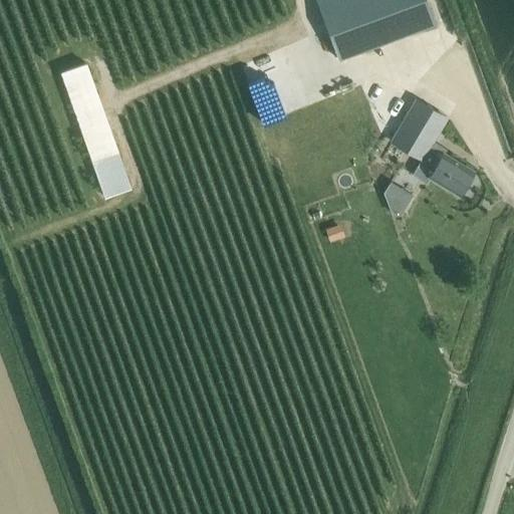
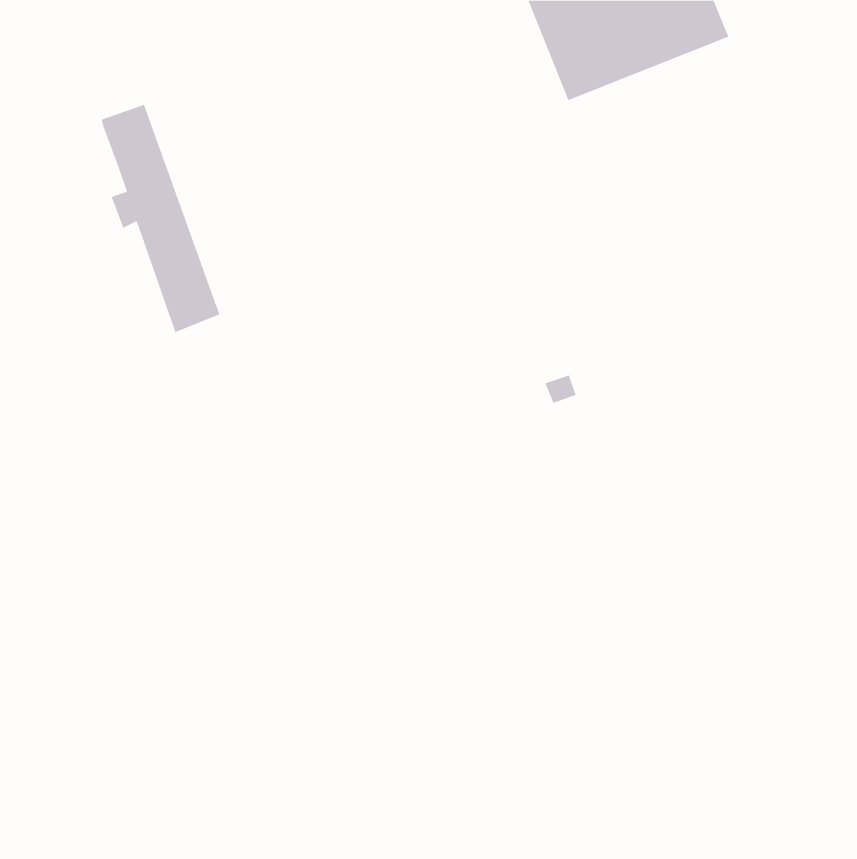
building: [388,96,476,195] -> none
building: [384,182,414,214] -> none

